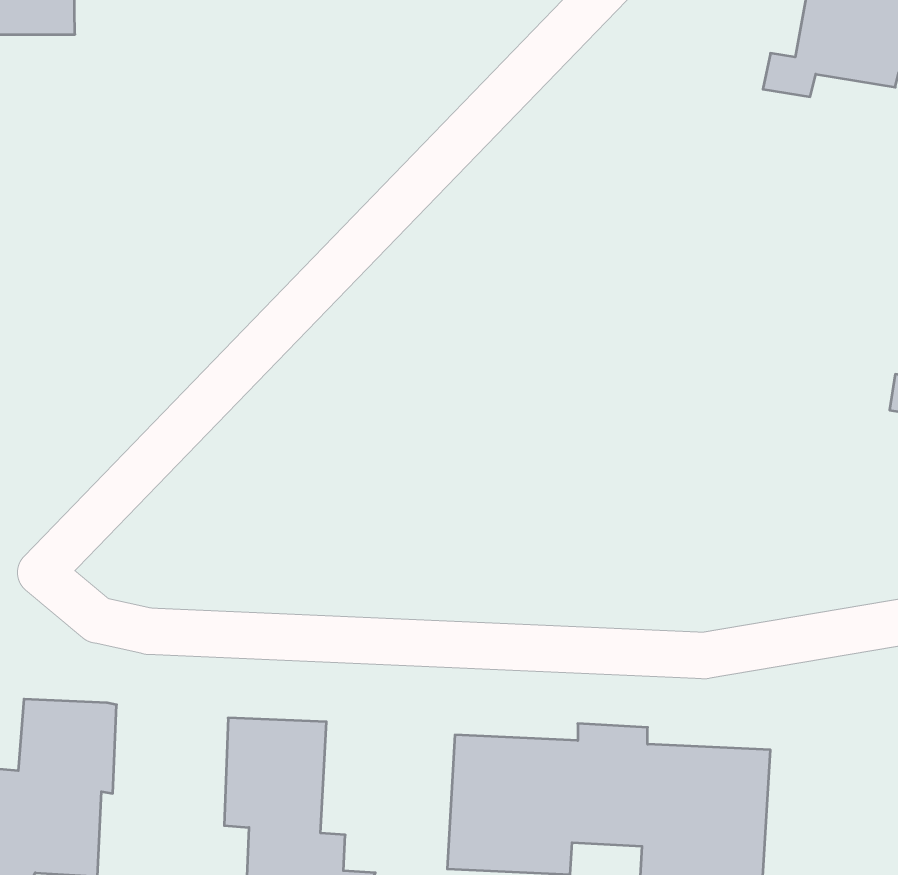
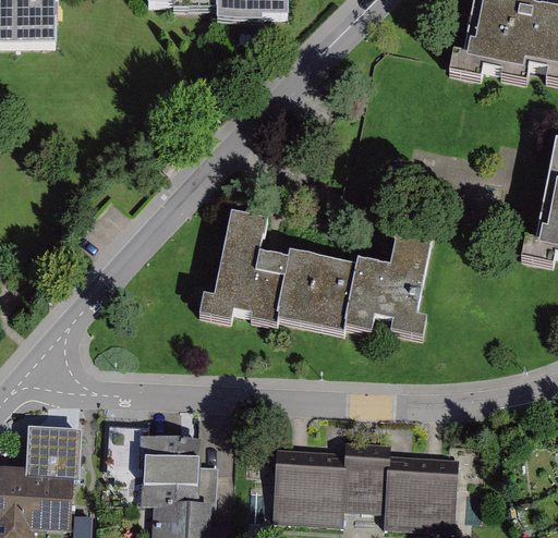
building: none -> [201,212,435,341]

